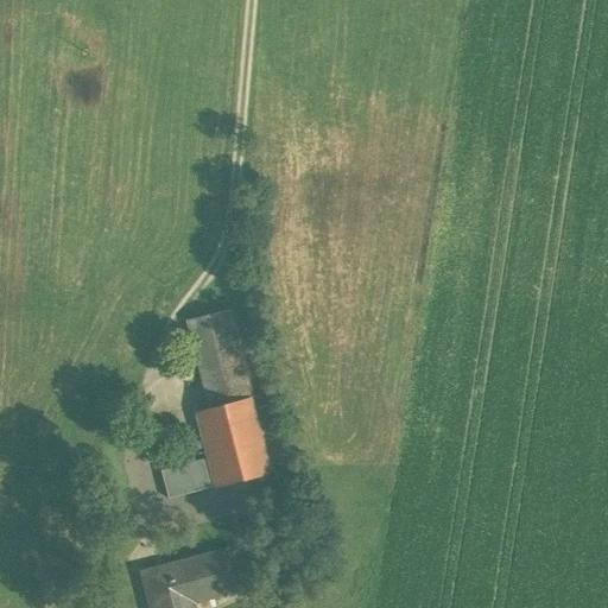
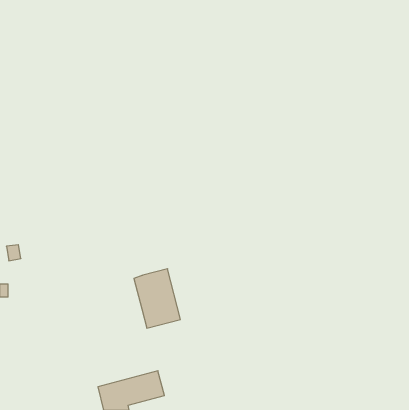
building: [189,309,248,407] -> none
building: [162,457,217,498] -> none

